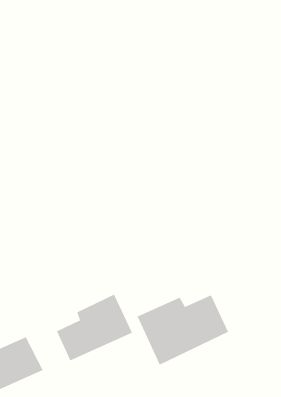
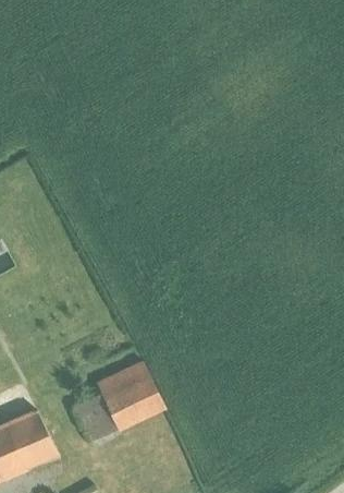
building: [137,295,229,366] -> none

